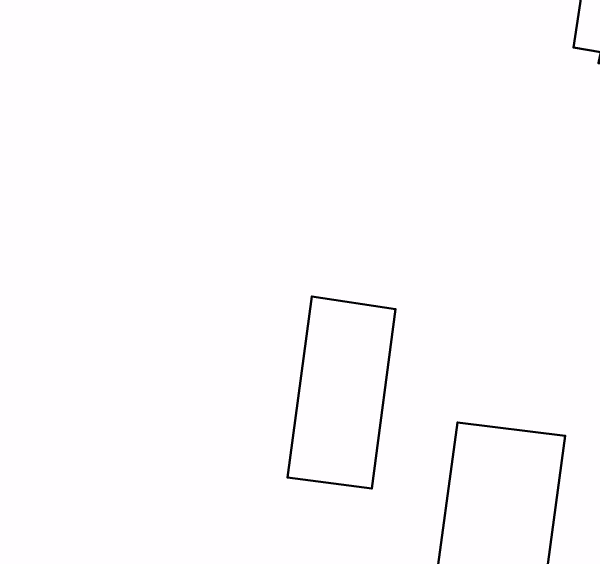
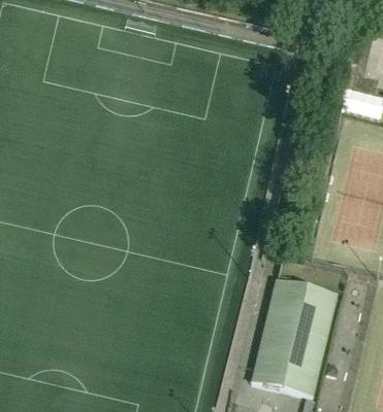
building: [287,297,396,488] -> none

